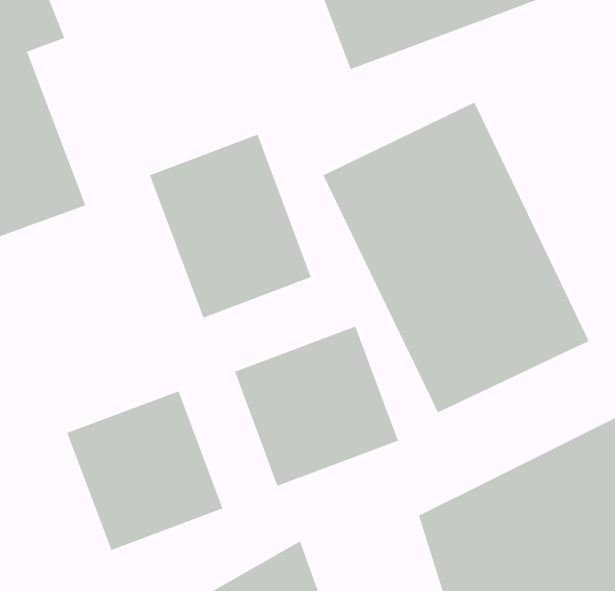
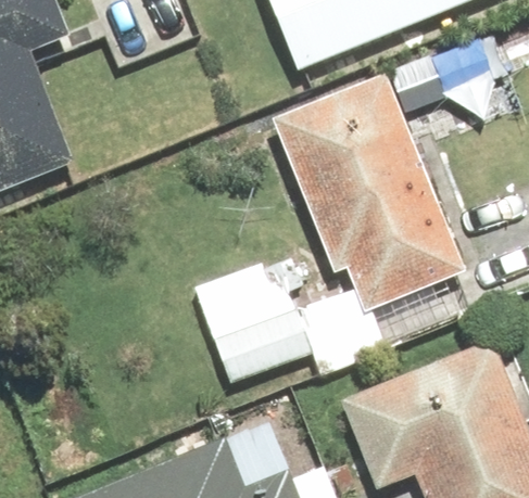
building: [149,134,312,318] -> none
building: [67,391,223,551] -> none

